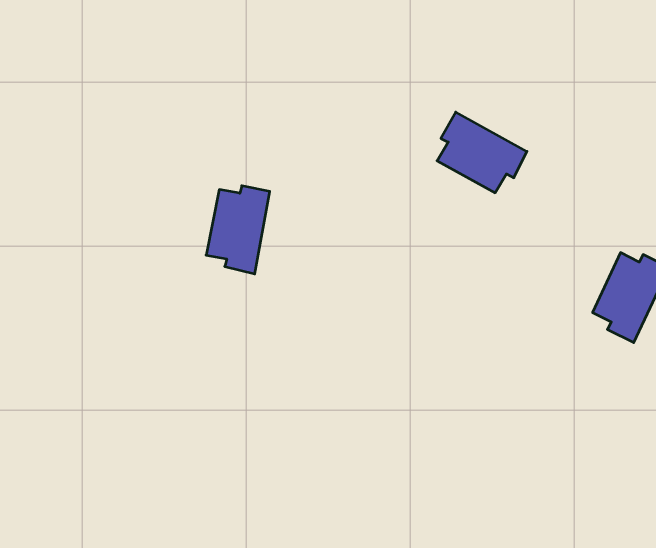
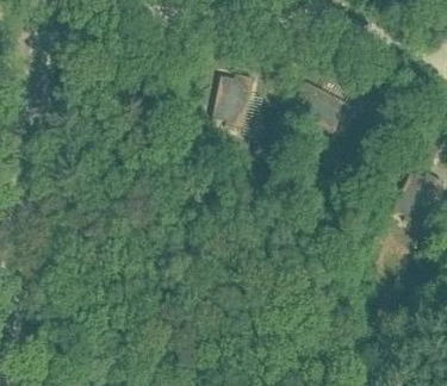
building: [206,186,270,274] -> [212,74,253,130]

